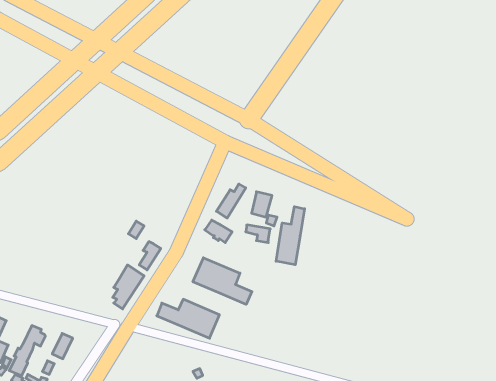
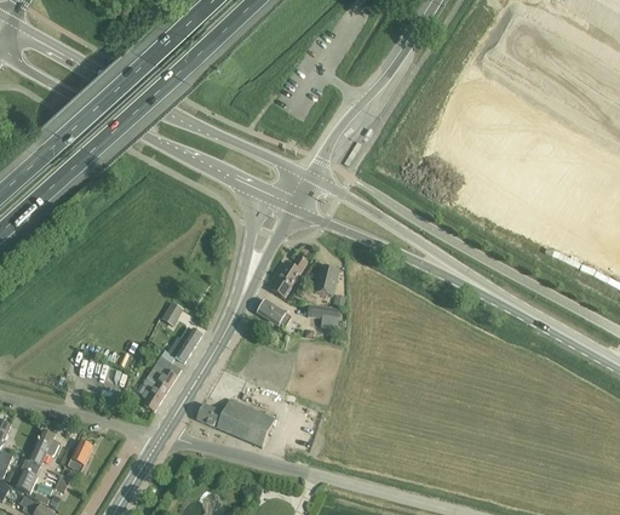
building: [276,207,305,265] -> none
building: [193,258,252,304] -> none

